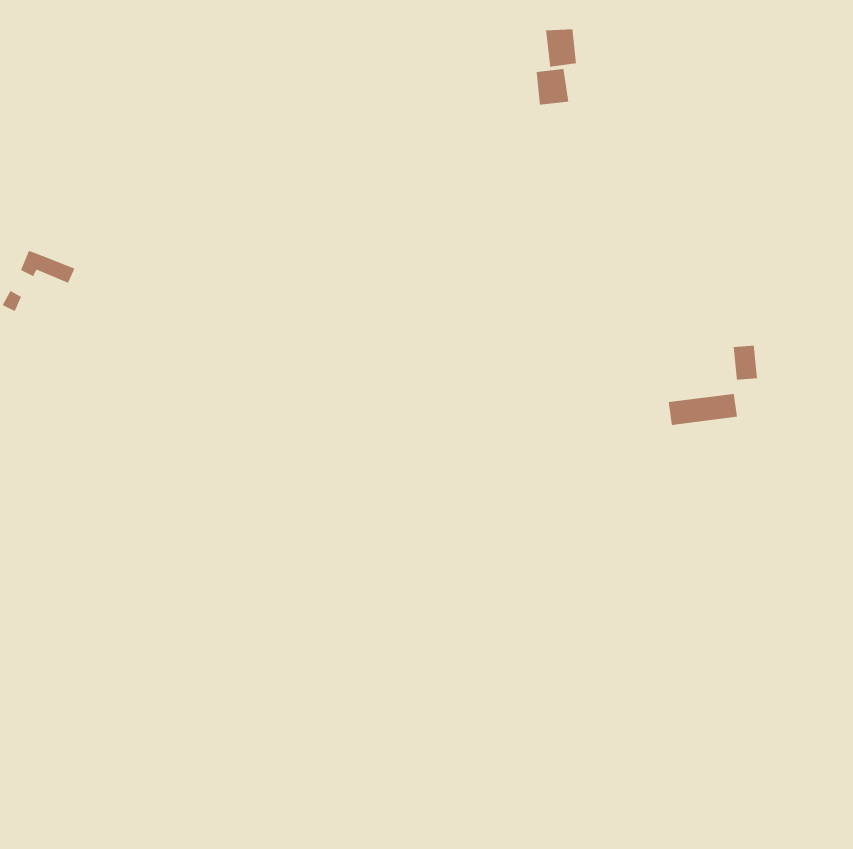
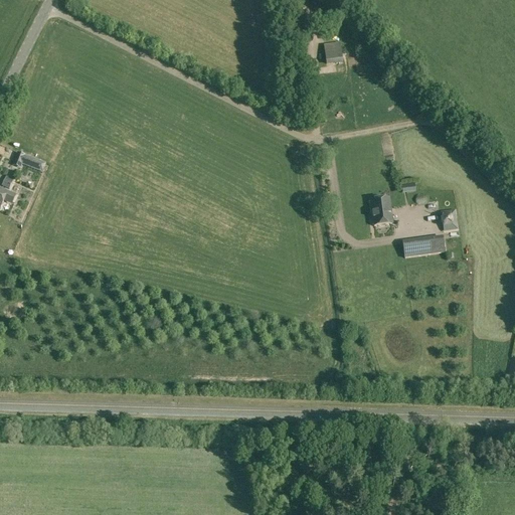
building: [546,28,577,67] -> none
building: none -> [370,197,392,225]

